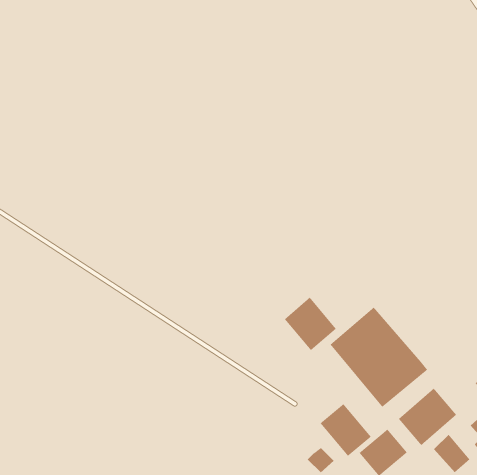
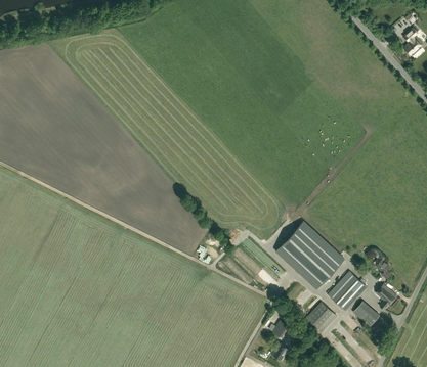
building: [284,297,337,351] -> none
building: [319,403,372,457] -> none

